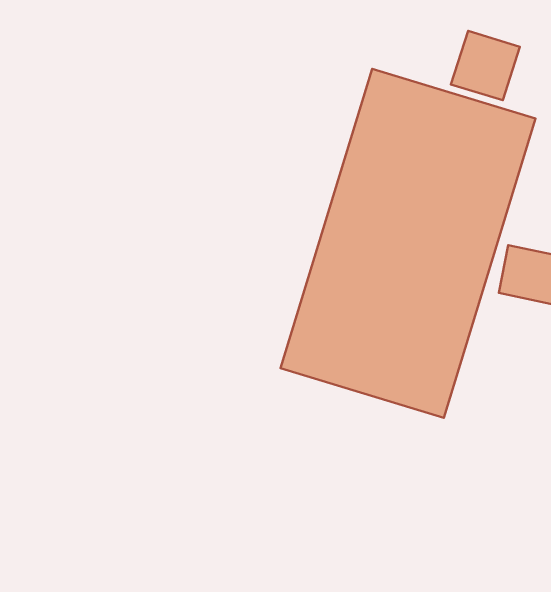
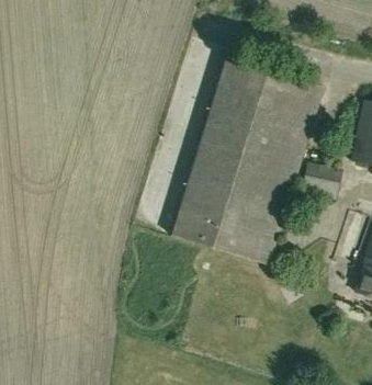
building: [451,31,520,100] -> none

